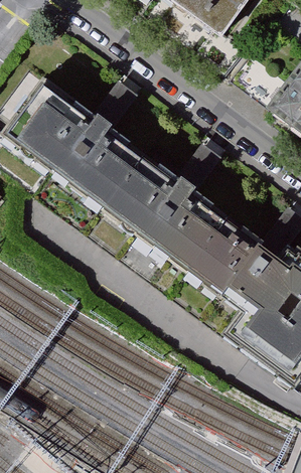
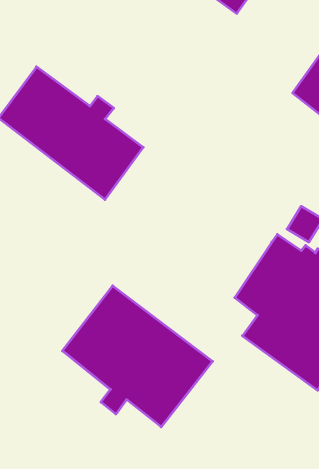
building: [103,156,257,295] -> none
building: none -> [62,286,213,427]

